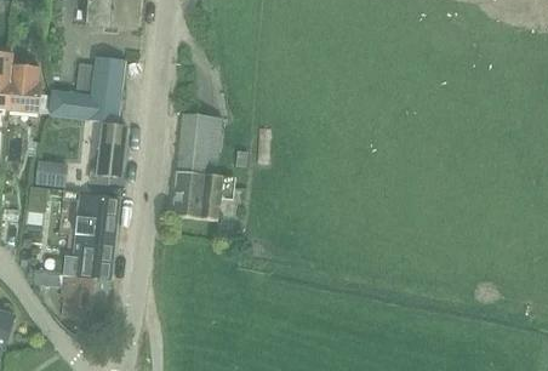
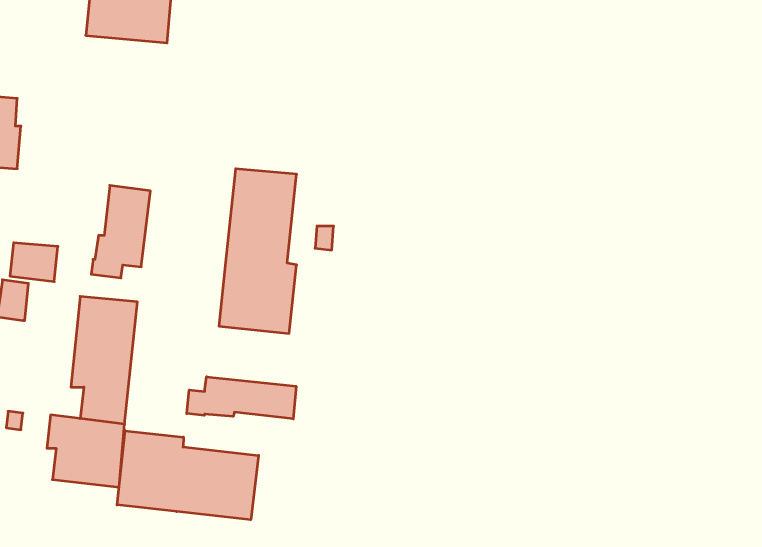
building: [47,56,125,121] -> none
building: none -> [187,377,296,419]
building: none -> [117,431,259,520]

